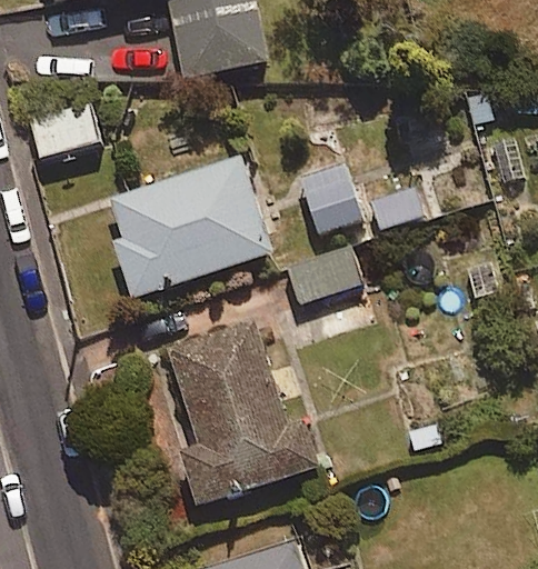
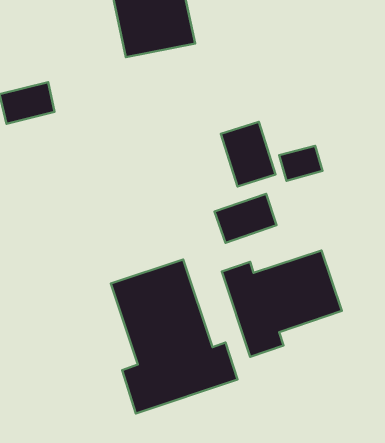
building: [109,156,271,297] -> none
building: none -> [222,250,342,357]

